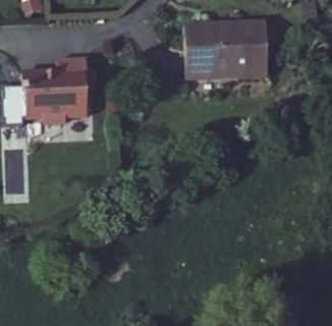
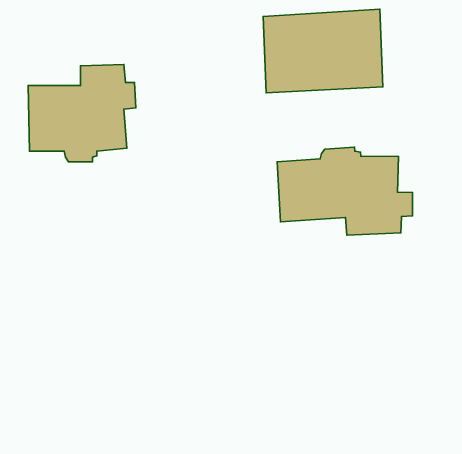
building: none -> [277,147,413,235]

